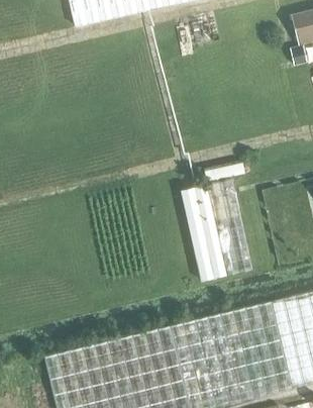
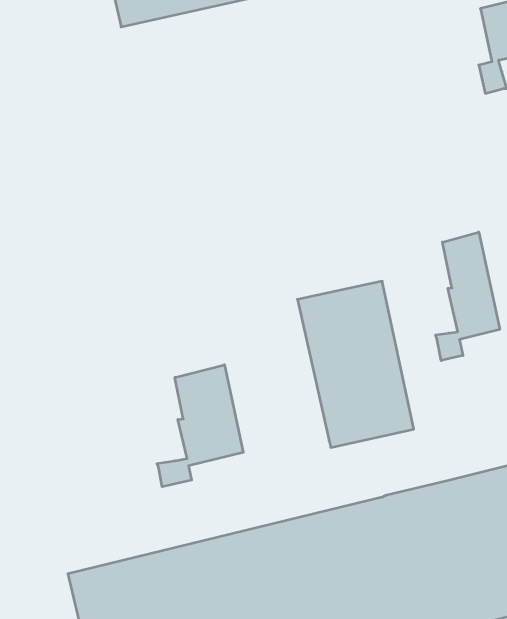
building: none -> [436,232,500,361]
building: none -> [157,365,243,487]

